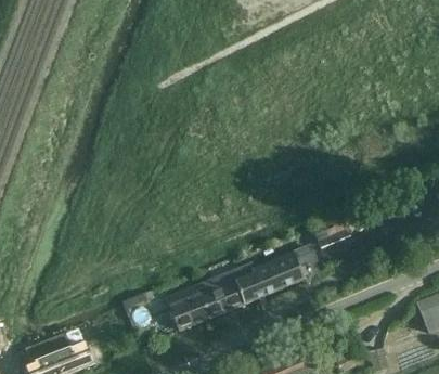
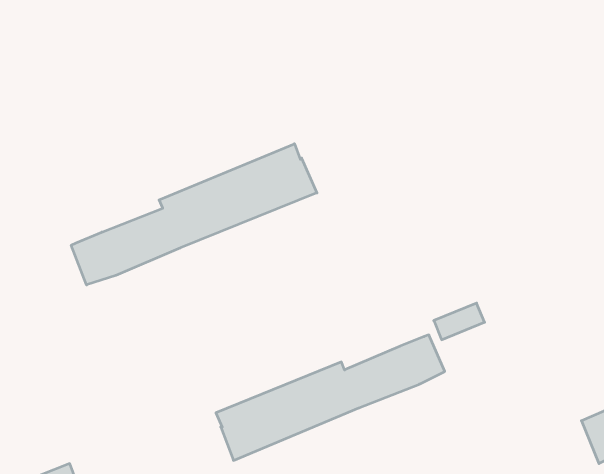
building: none -> [71,144,317,285]

